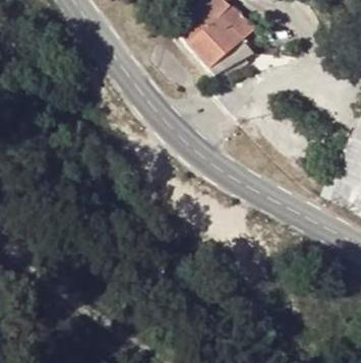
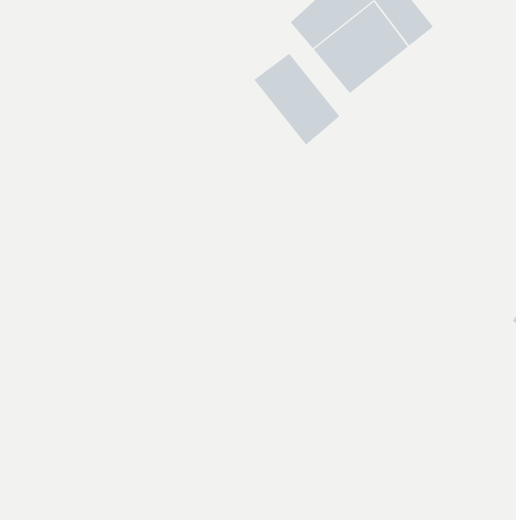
building: none -> [253,53,340,146]

